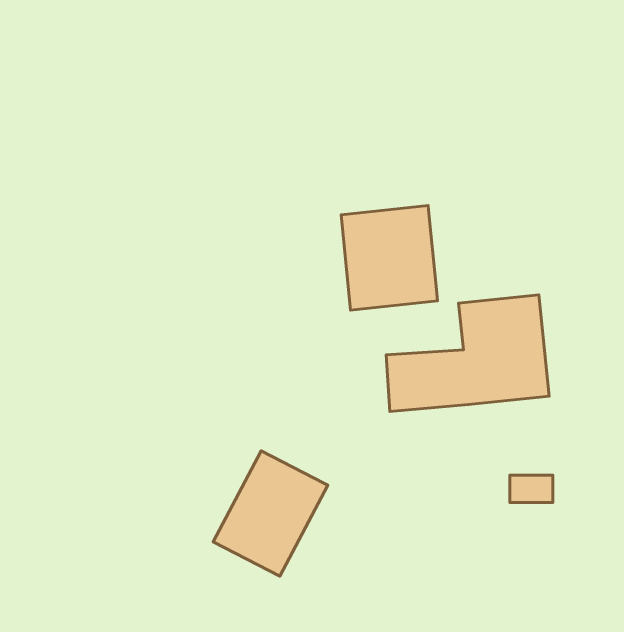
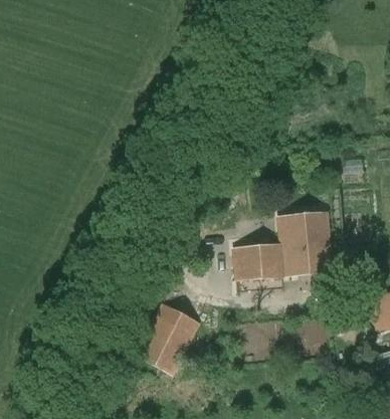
building: [341,205,437,310] -> none

